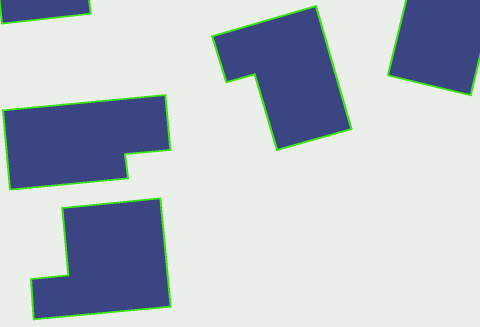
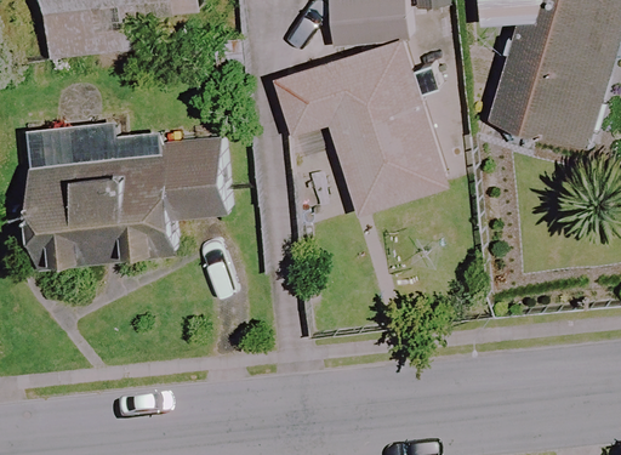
building: [31,198,170,320] -> none

